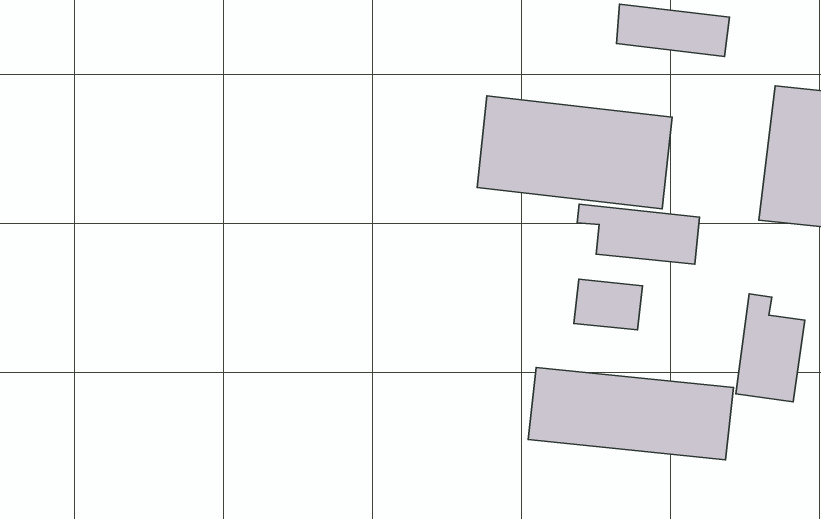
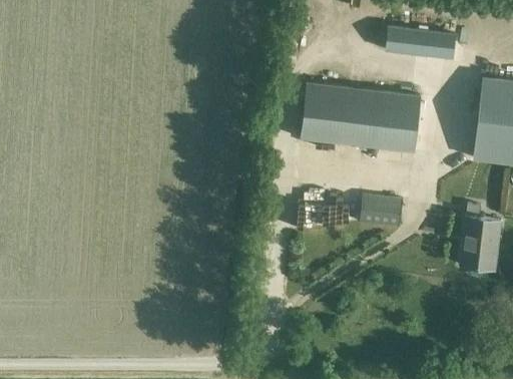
building: [577,204,700,264] -> none
building: [528,367,734,460] -> none

